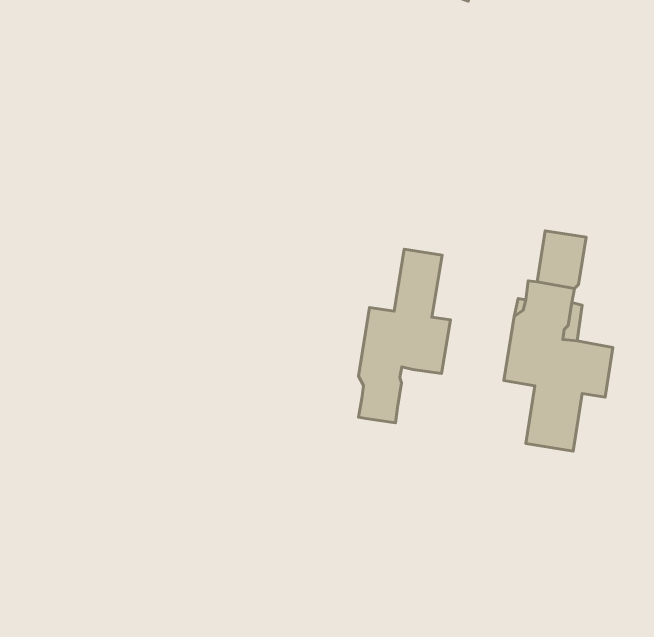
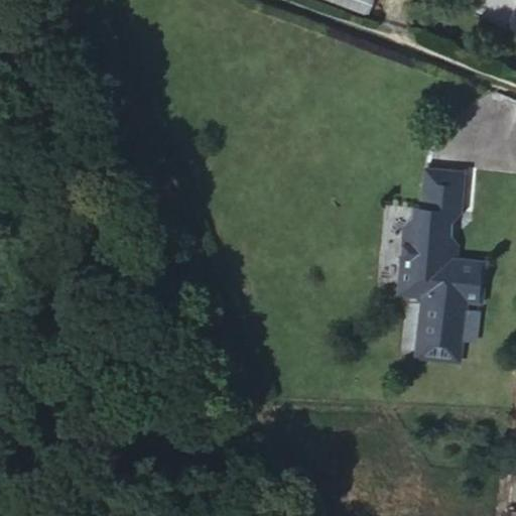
building: [358,249,450,423] -> none

